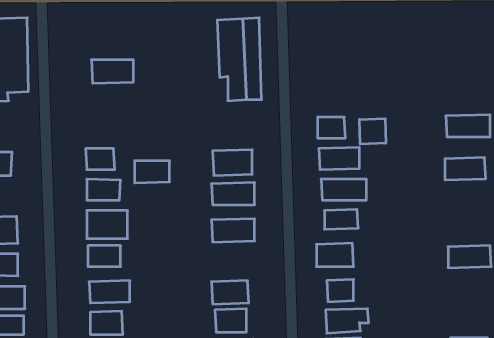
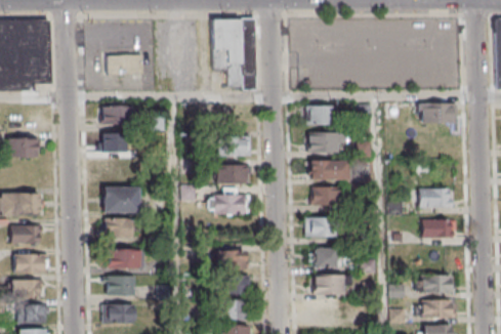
building: [359,119,386,144] -> none
building: [445,158,486,180] -> [419,187,455,207]
building: [135,161,170,183] -> [100,105,131,124]
building: none -> [421,275,455,293]

